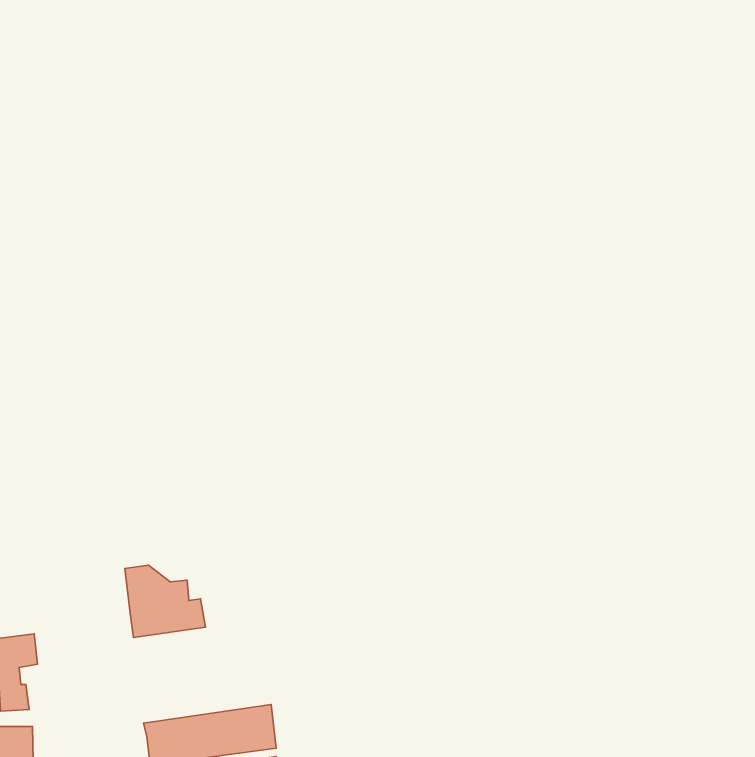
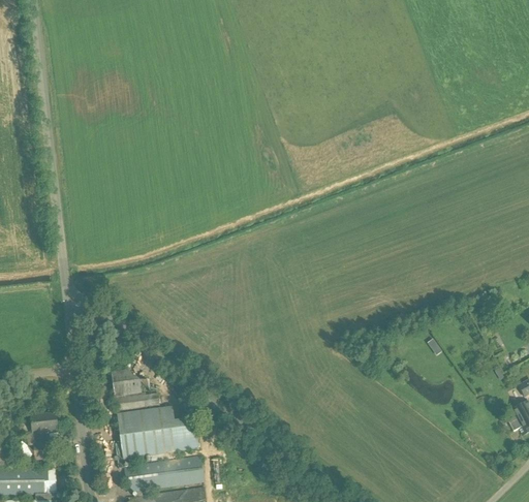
building: none -> [116,407,198,459]

